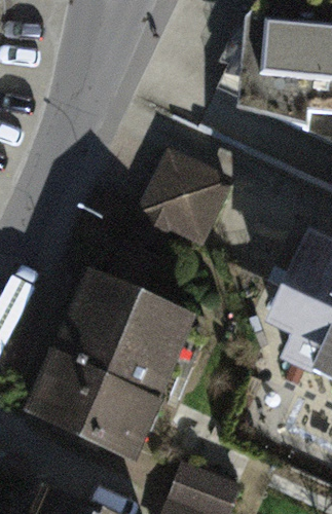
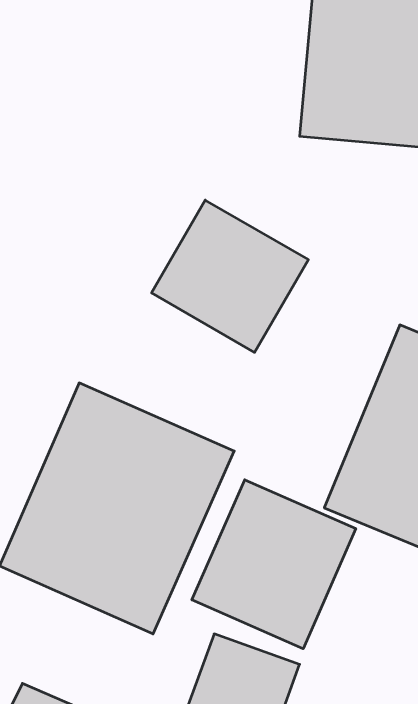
building: none -> [192,480,356,649]

